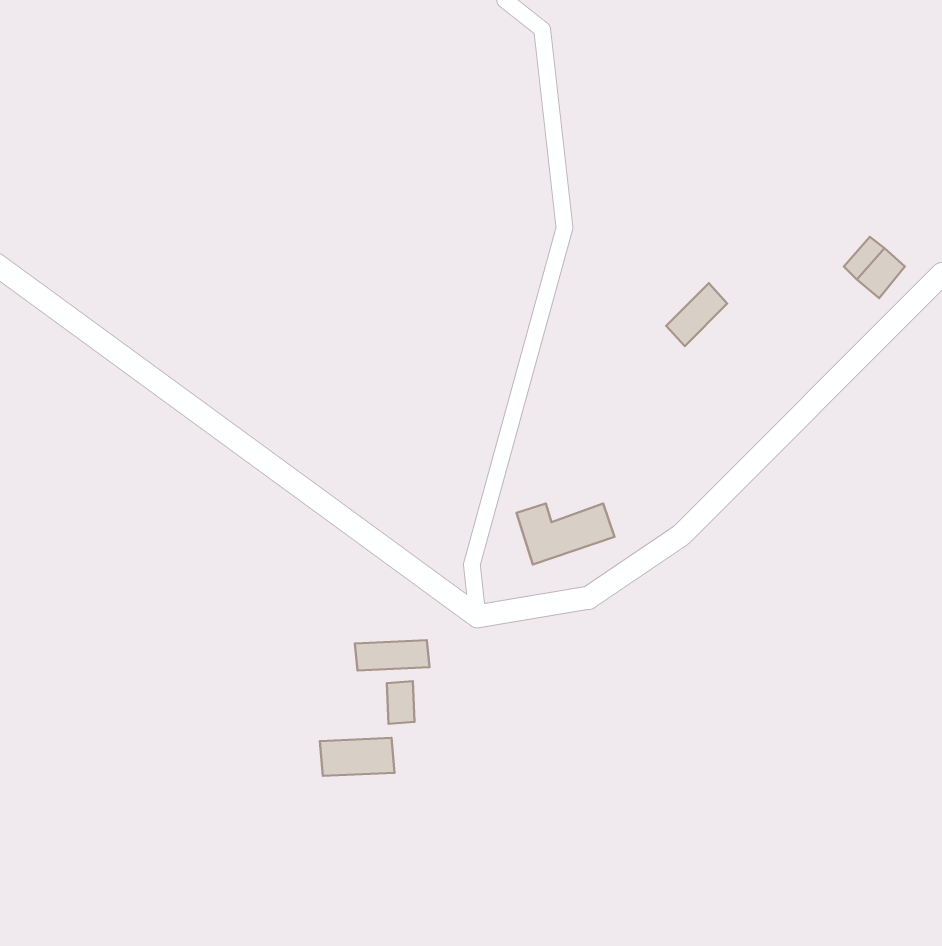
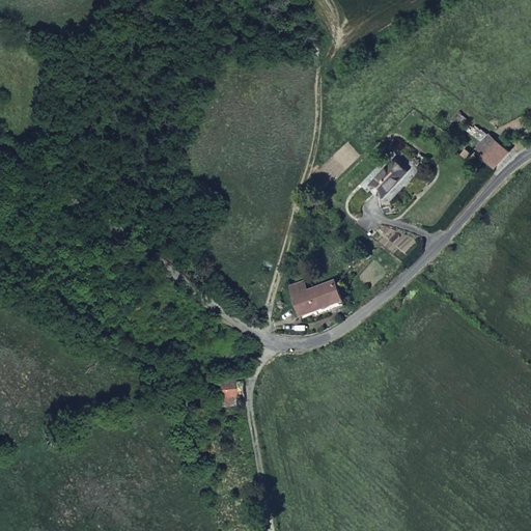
building: [355,640,430,671] -> none
building: [320,738,394,776] -> none

